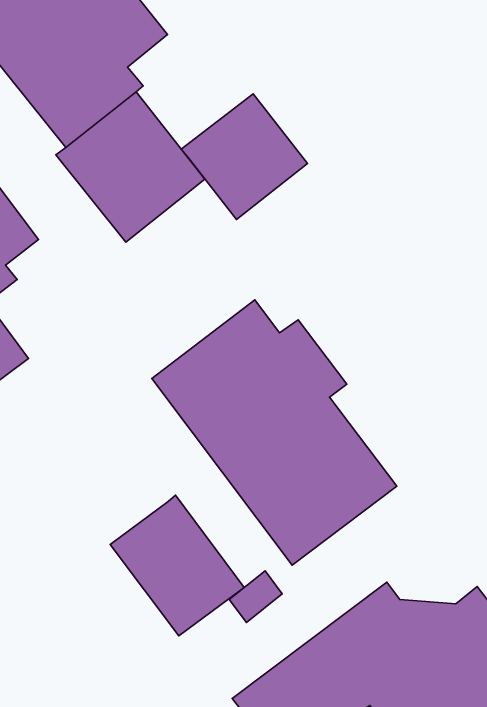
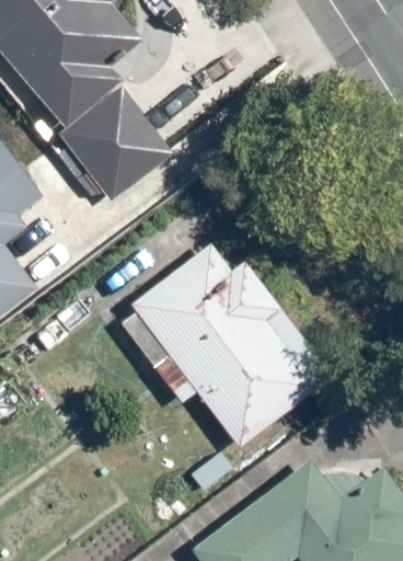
building: [181,94,307,219] -> none
building: [110,495,244,636] -> none

